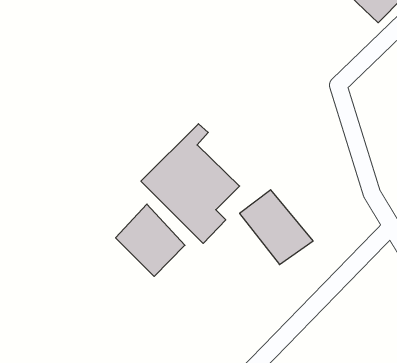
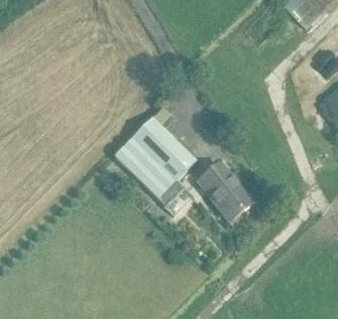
building: [116,204,185,276] -> none

